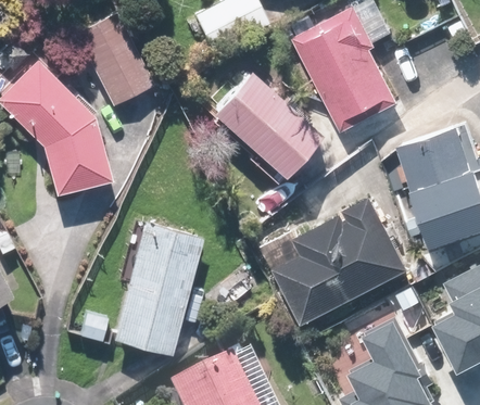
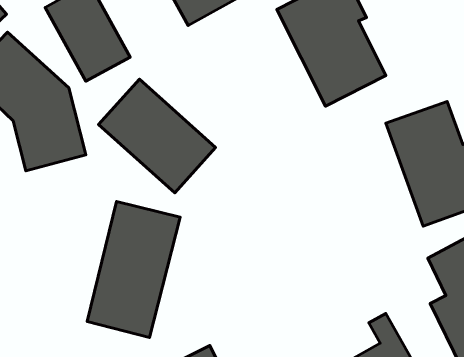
building: [203,78,315,187] -> [99,79,216,193]
building: [274,199,408,325] -> none

